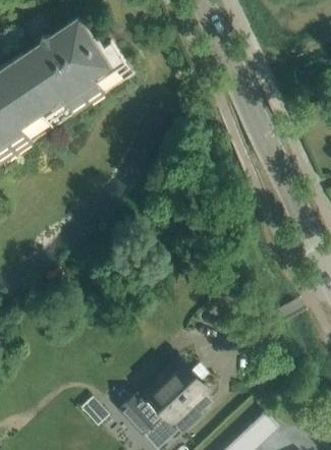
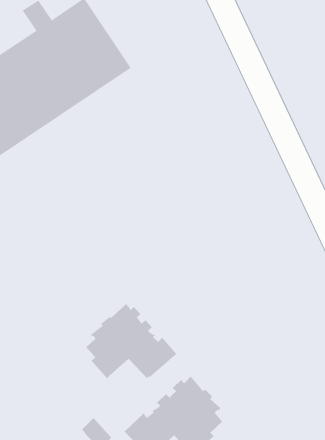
building: none -> [85,303,177,379]

